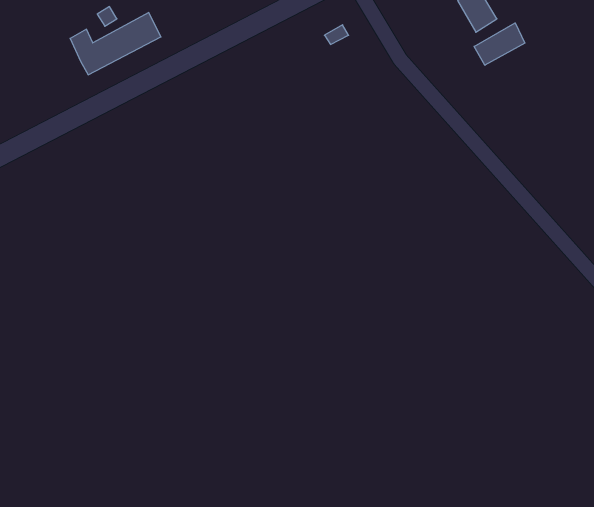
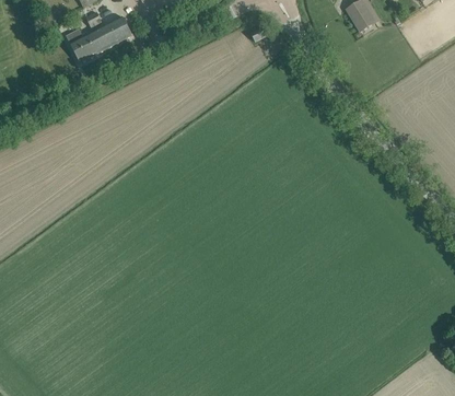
building: [474,23,525,65] -> none

